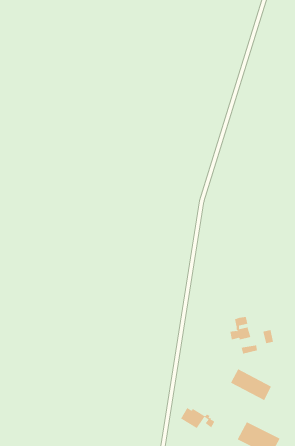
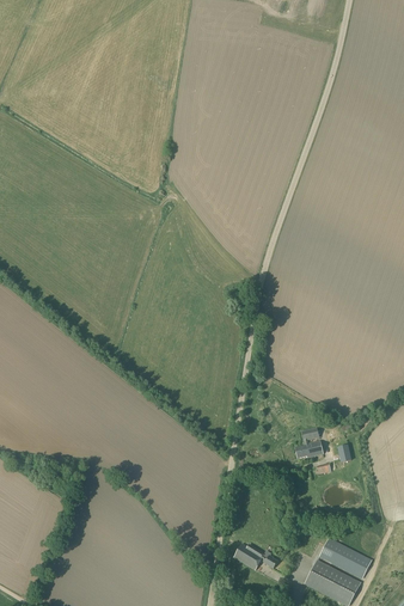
building: [230,369,272,401] -> [319,538,372,579]

